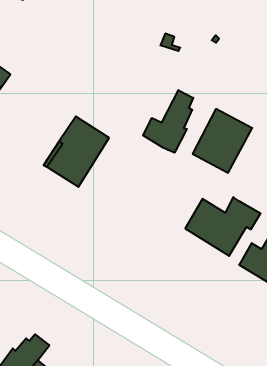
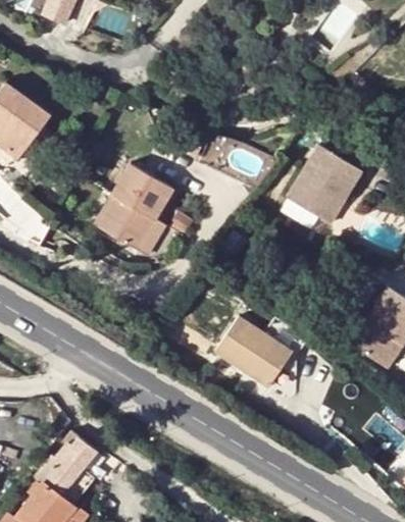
building: [143,90,193,153] -> none
building: [185,197,261,256] -> [212,326,305,399]

